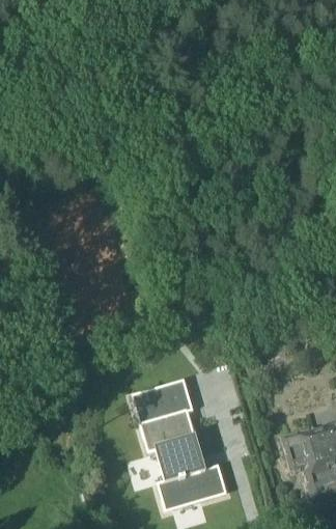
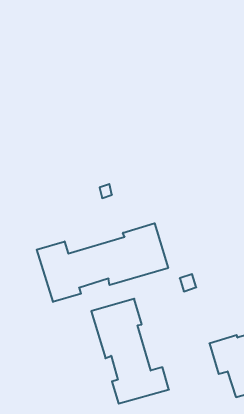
building: none -> [37,223,168,302]

